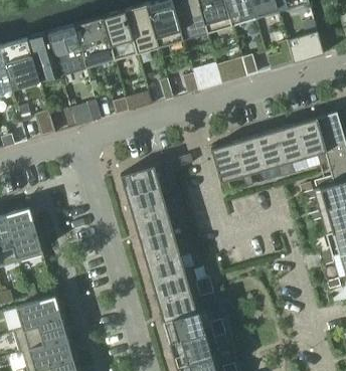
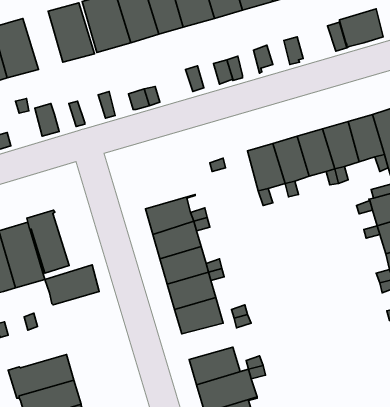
building: [25,32,58,80] -> none
building: [121,162,168,196] -> none
building: none -> [27,210,69,273]
building: [157,291,199,321] -> none
building: [16,295,61,328] -> [45,265,99,305]

